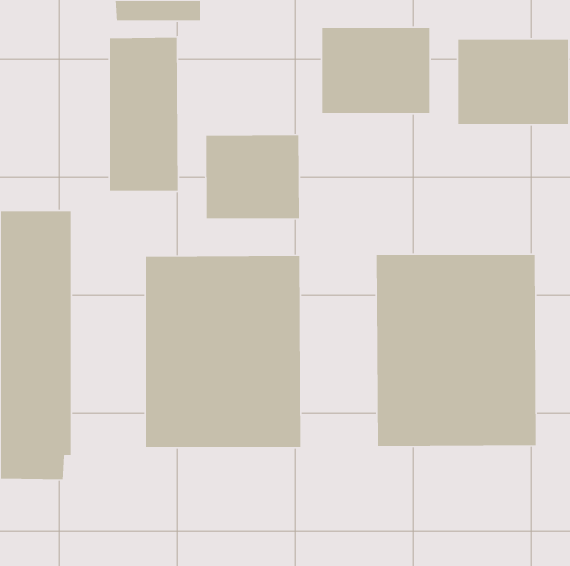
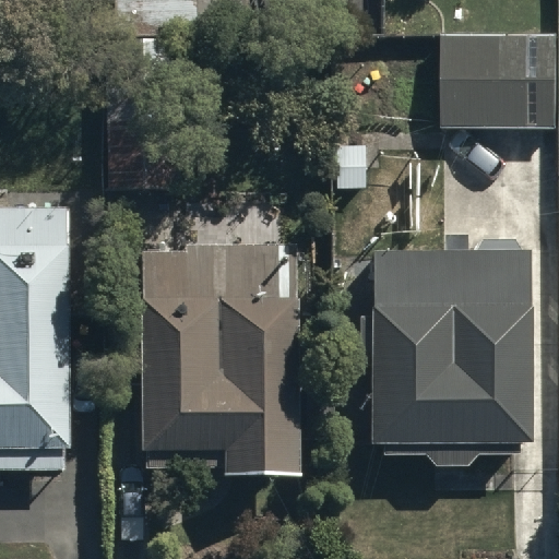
building: [322,27,430,114] -> none
building: [205,135,300,219] -> none

